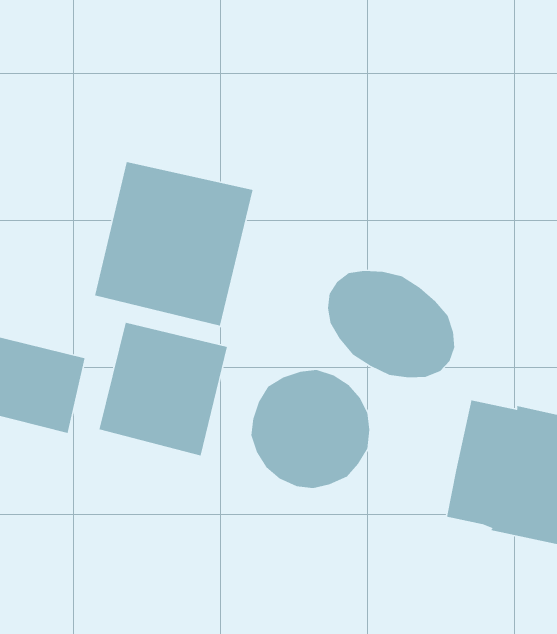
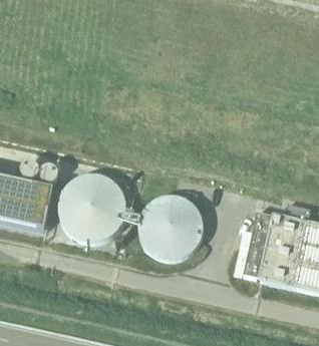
building: [94,161,254,326] -> none
building: [327,270,455,378] -> none

